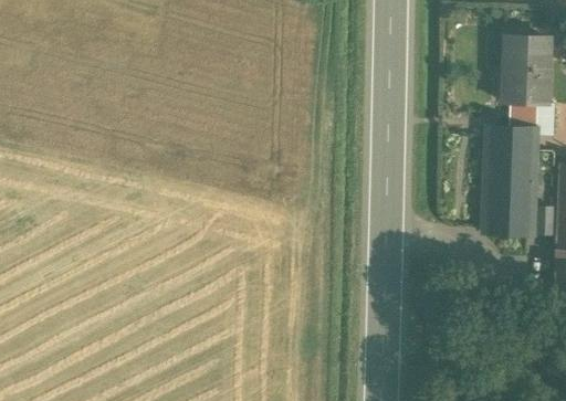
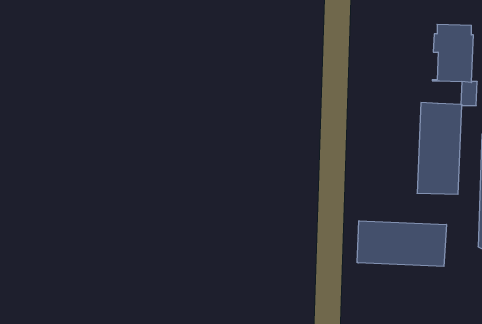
building: [510,101,537,128] -> none
building: none -> [357,221,446,266]

